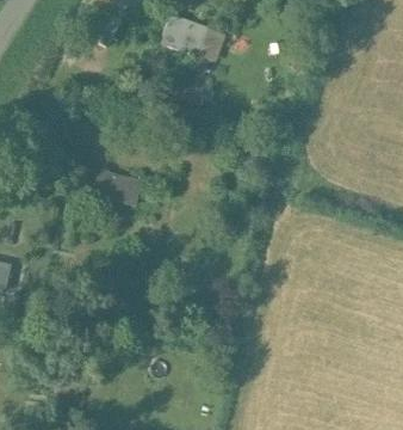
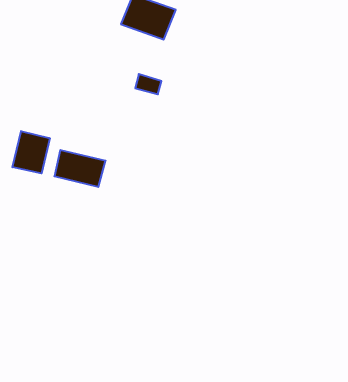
building: none -> [12,131,50,173]

